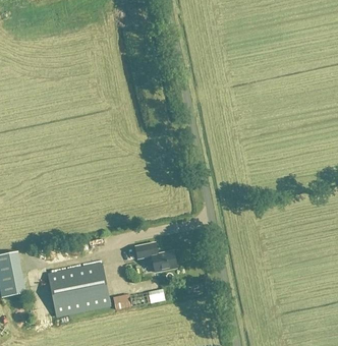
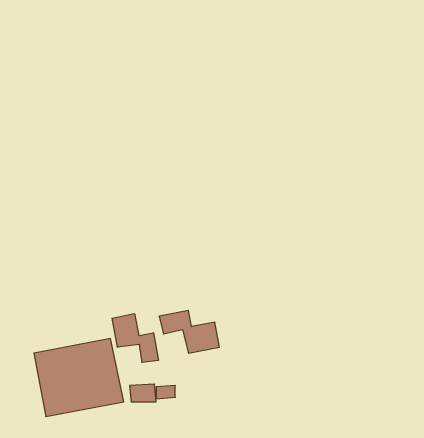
building: none -> [112,314,158,363]

